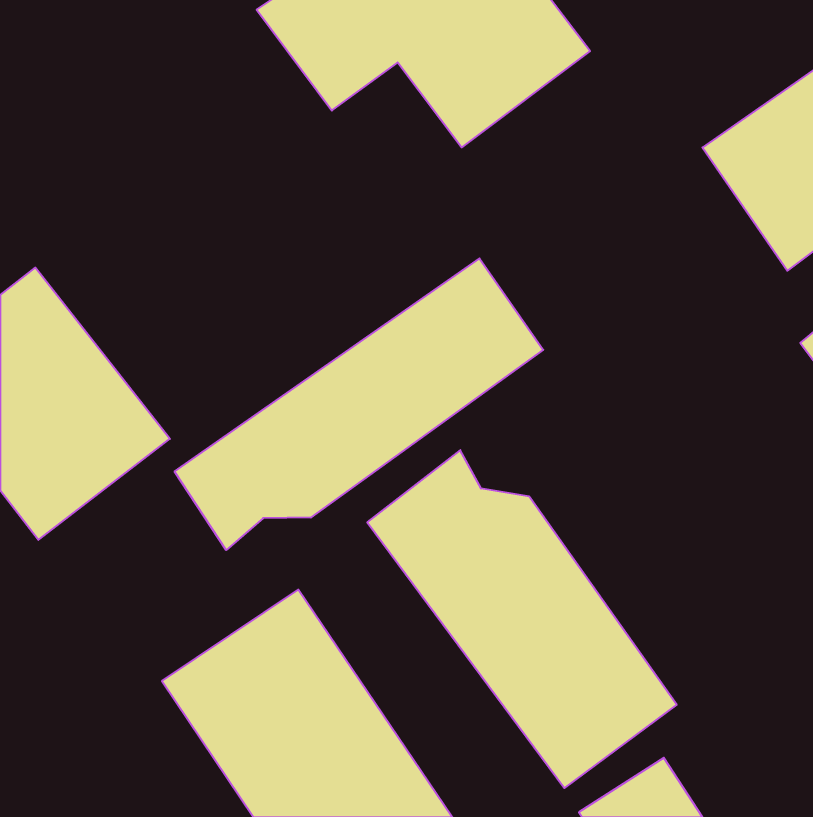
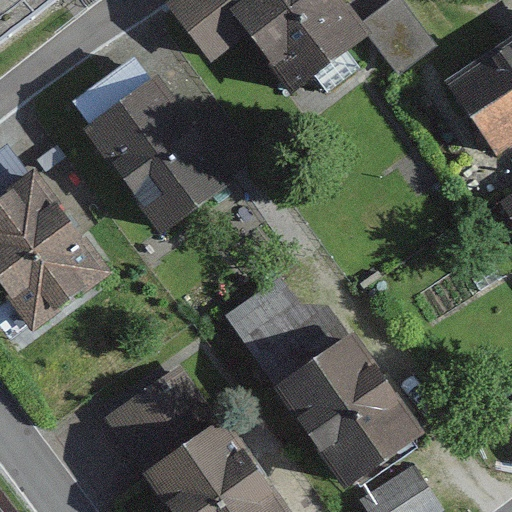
building: none -> [70,56,228,227]
building: [175,258,543,550] -> none

